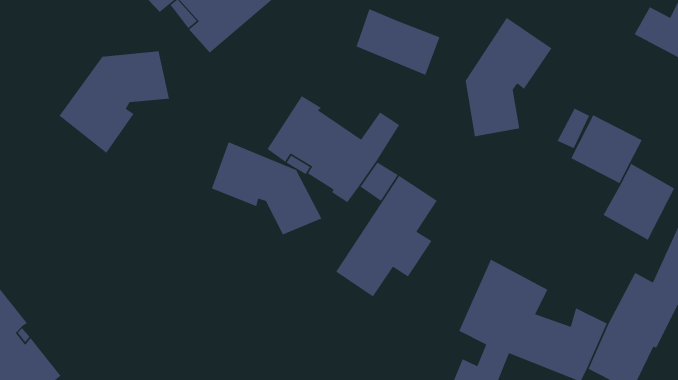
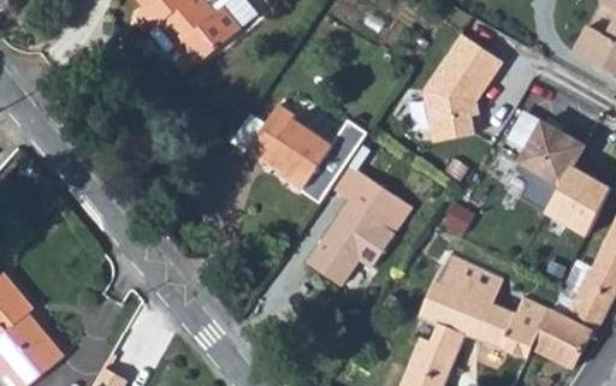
building: [356,8,440,76] -> none
building: [59,50,170,154] -> none
building: [211,141,322,236] -> none

